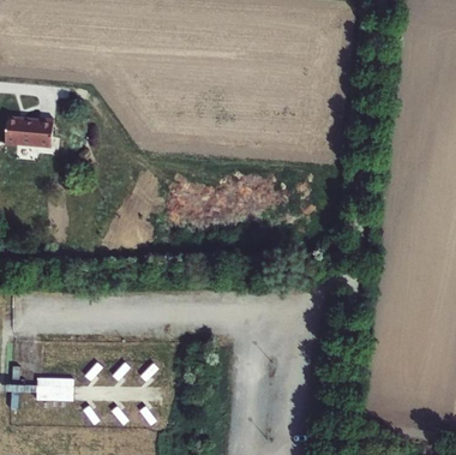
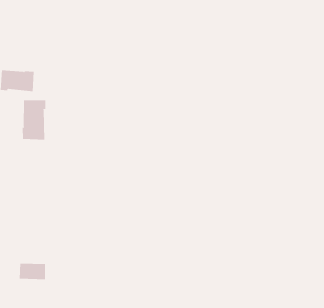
building: none -> [22,99,46,140]

